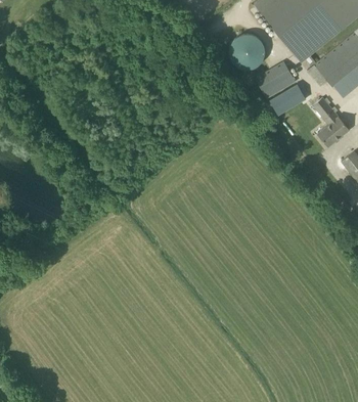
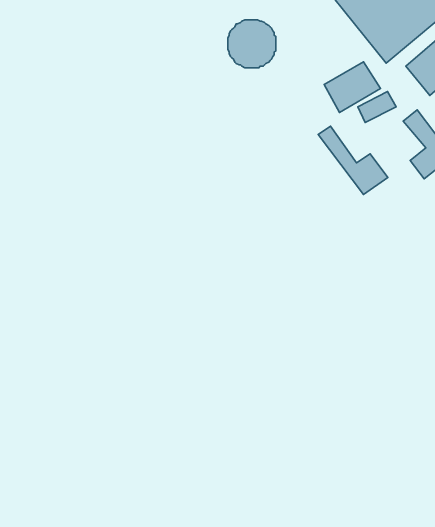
building: [230,35,265,70] -> [228,20,276,68]
building: none -> [318,126,388,194]

